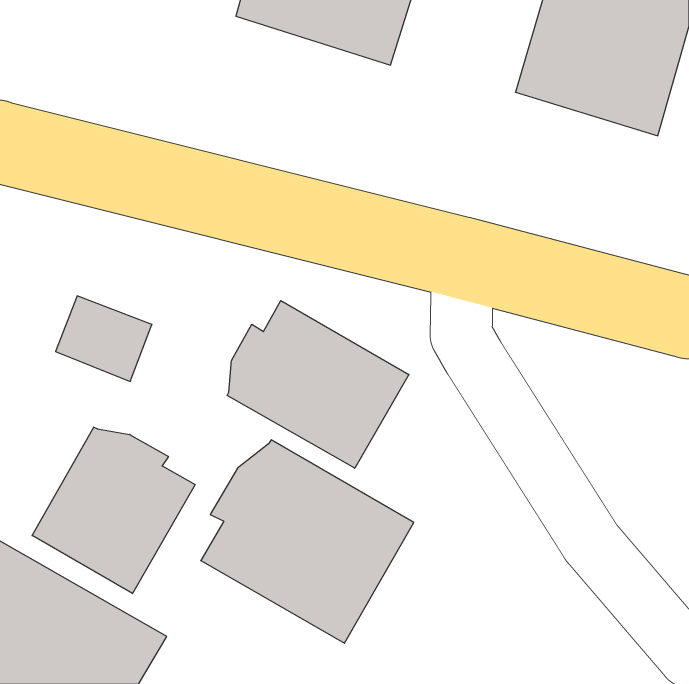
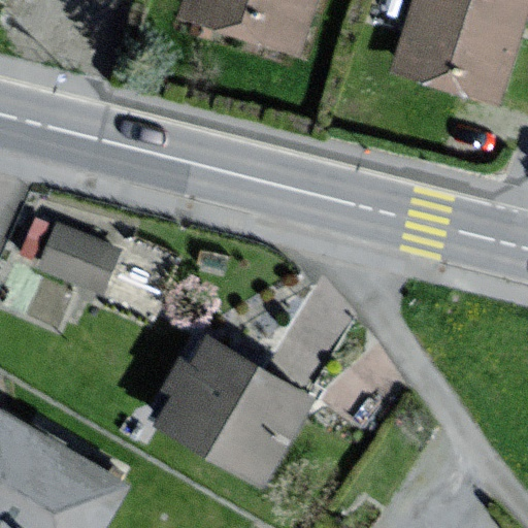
building: [227,301,409,468] -> none
building: [32,427,195,594] -> none

